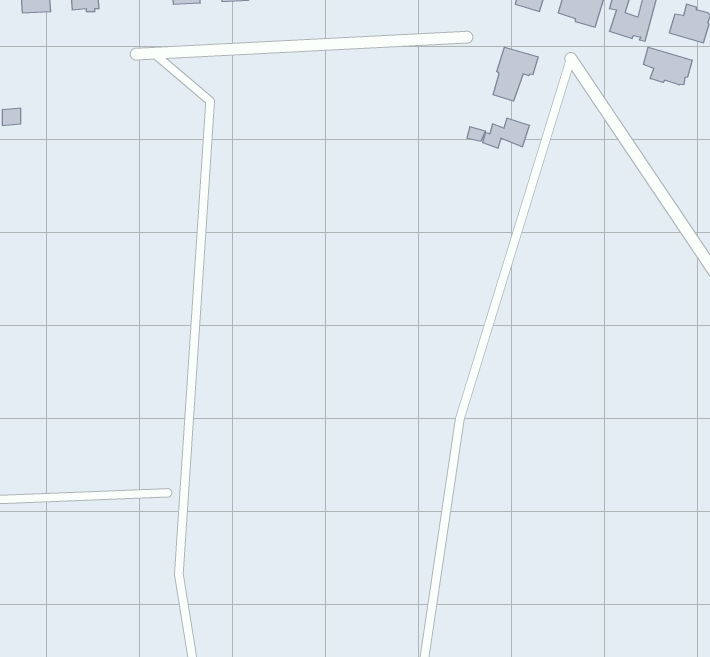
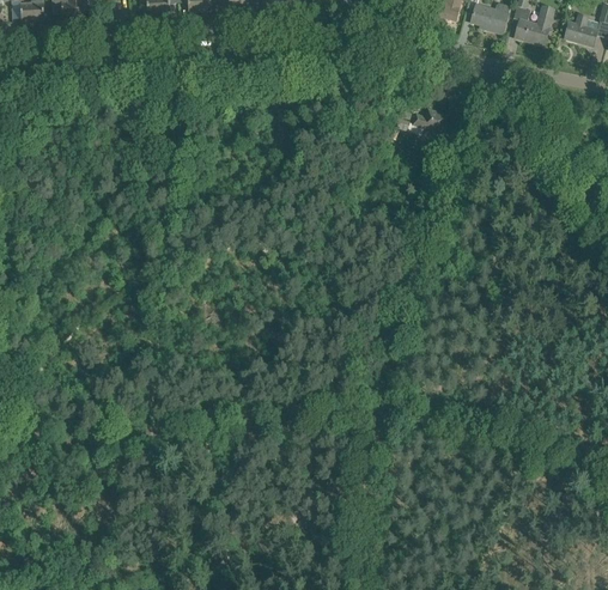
building: [643,47,692,85] -> none
building: [493,47,538,101] -> none

